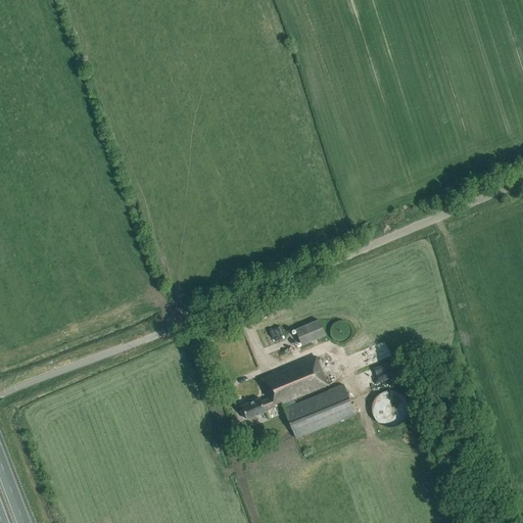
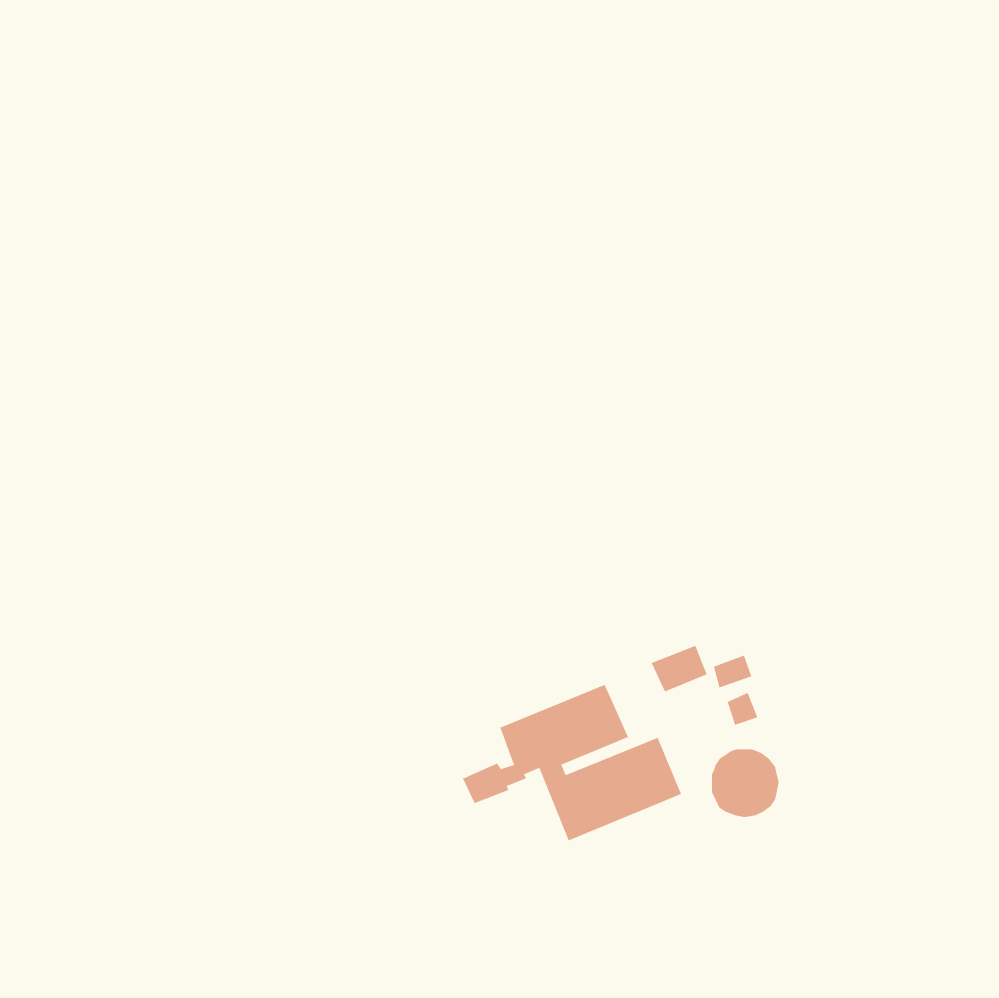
building: [296,320,326,344] -> [651,645,708,692]

